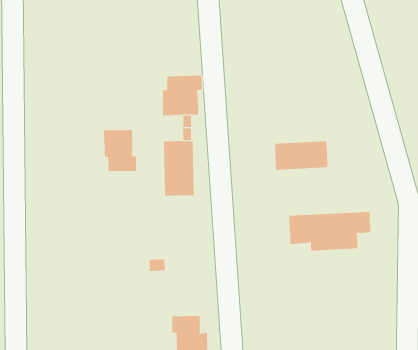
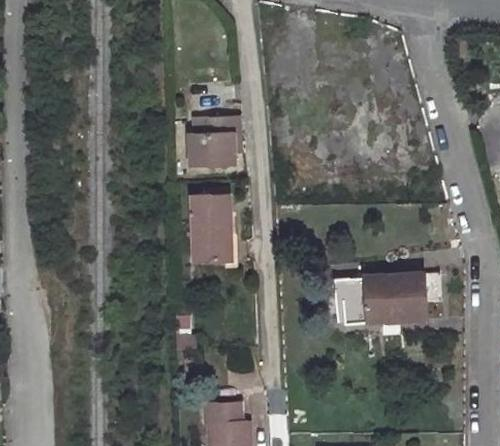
building: [104,129,137,172] -> none
building: [275,140,328,171] -> none

